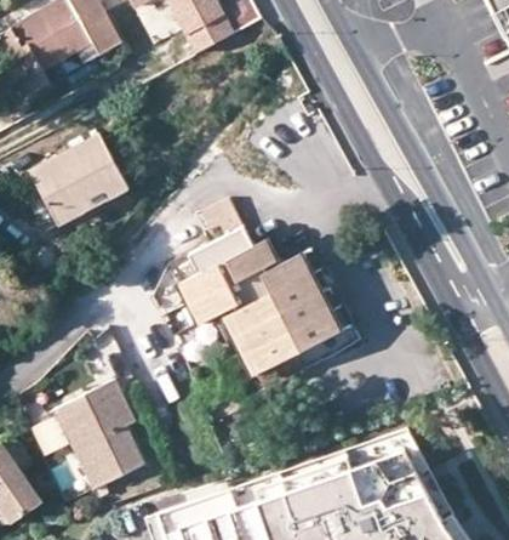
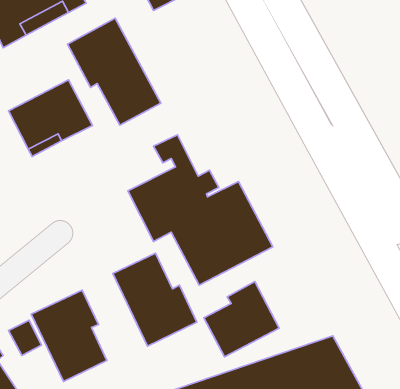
building: none -> [68,18,161,125]
building: none -> [113,253,197,346]
building: none -> [204,282,279,357]

